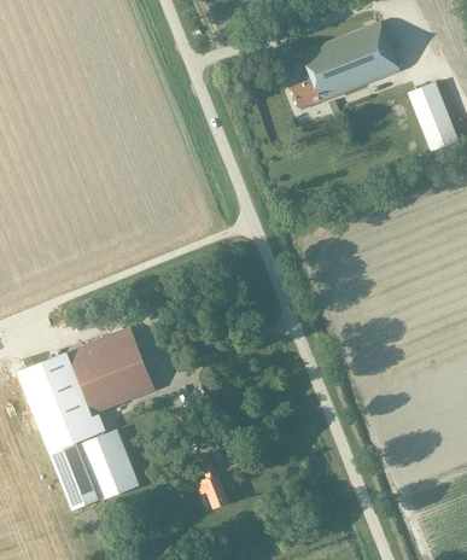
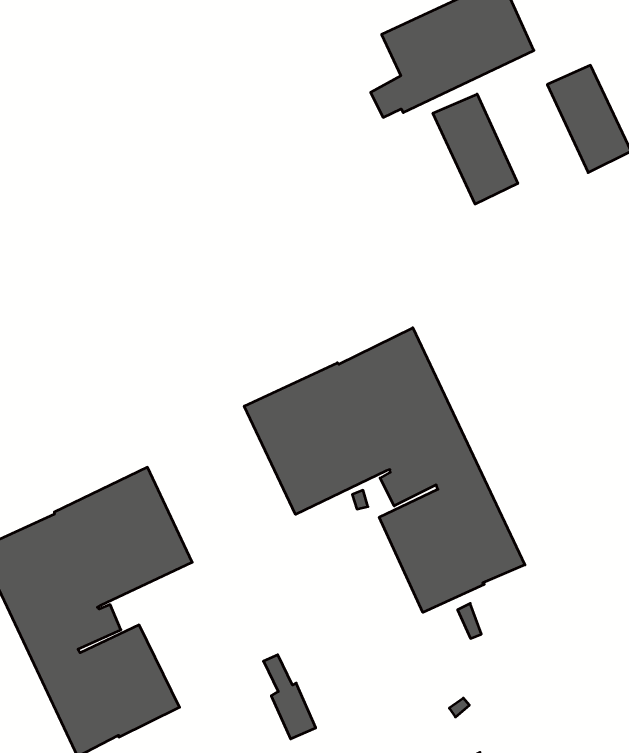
building: none -> [433,94,518,204]
building: none -> [244,328,525,612]

